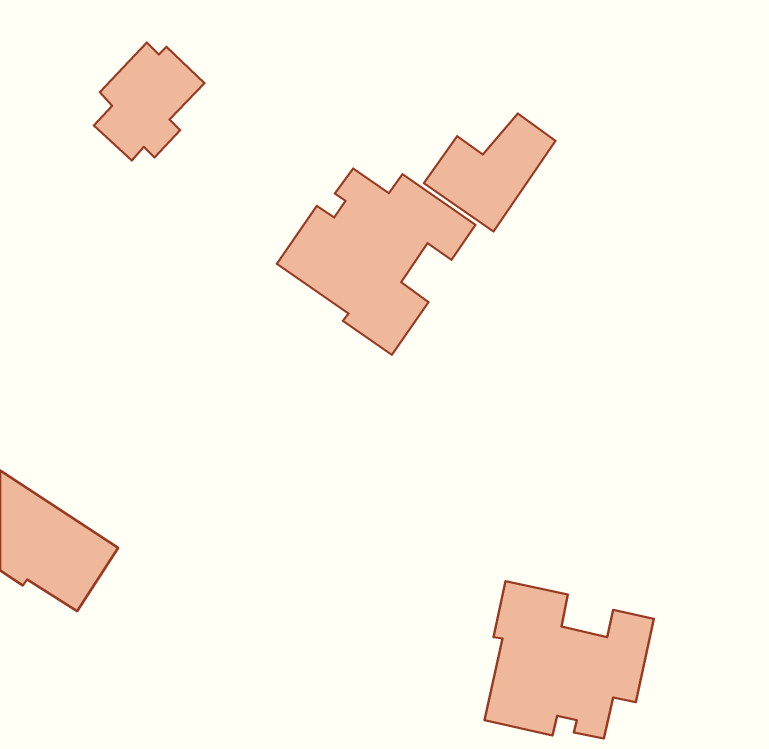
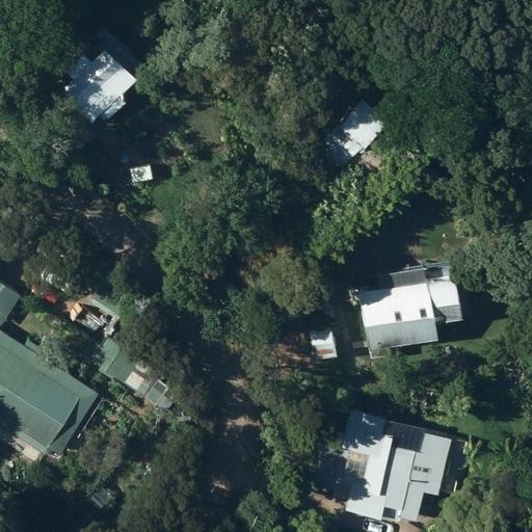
building: [277,168,476,355] -> none
building: none -> [355,256,469,352]

